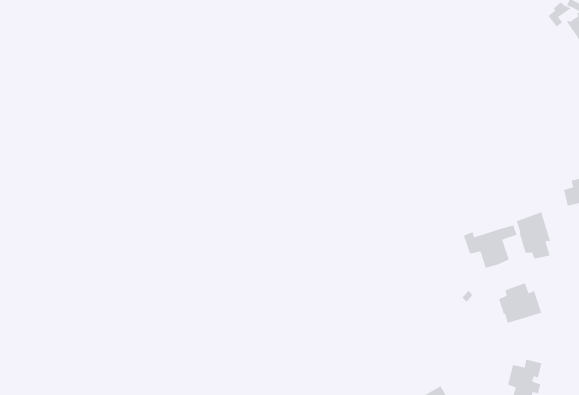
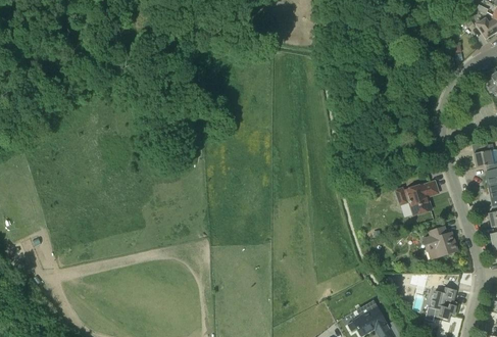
building: [516,211,551,260] -> none

